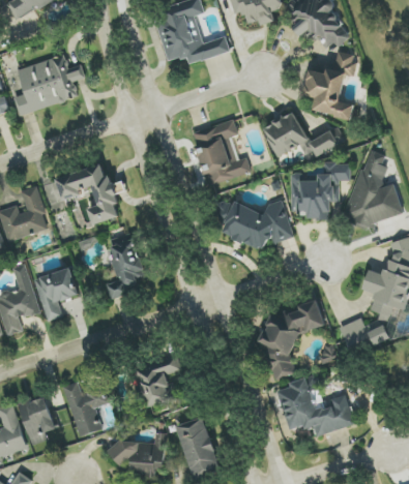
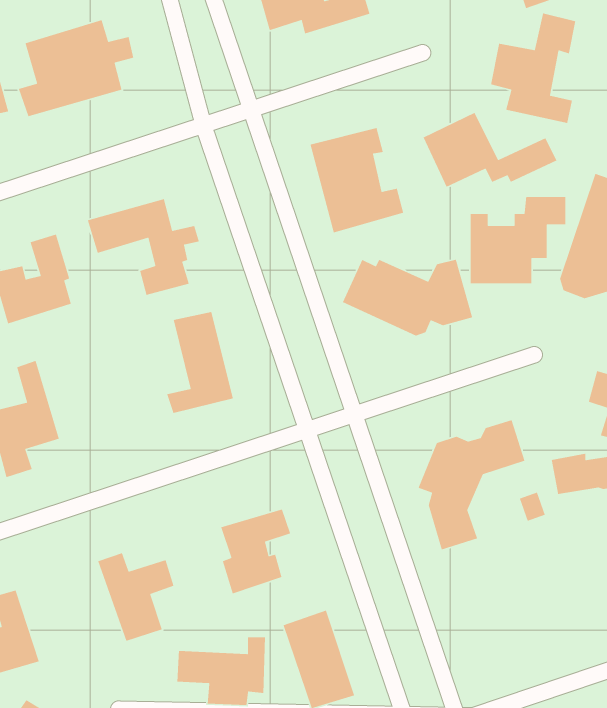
building: [33,267,78,321] -> none
building: [277,376,353,435] -> none
building: [17,396,55,445] -> none

